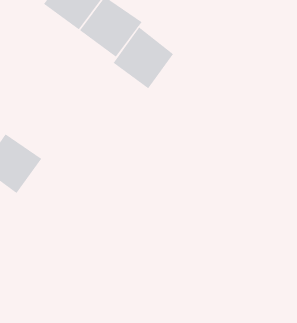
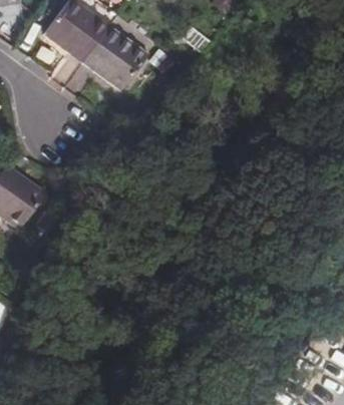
building: [113,27,174,89] -> none

